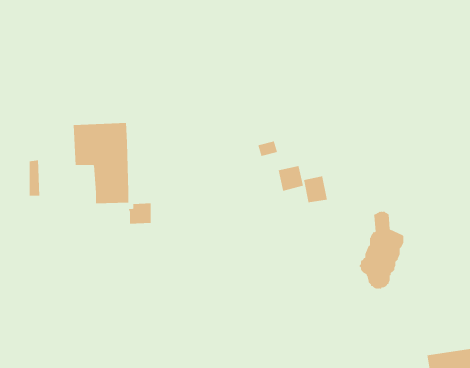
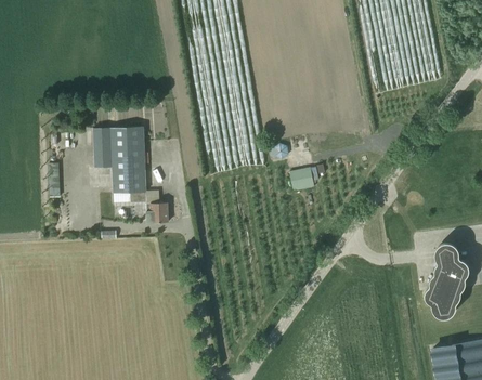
building: [303,175,328,203] -> none
building: [359,211,404,289] -> [426,243,469,317]

